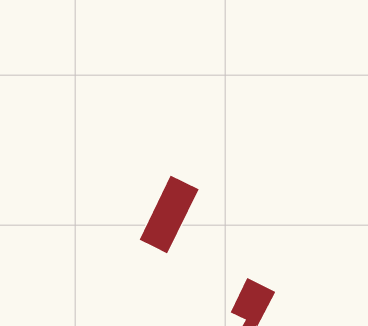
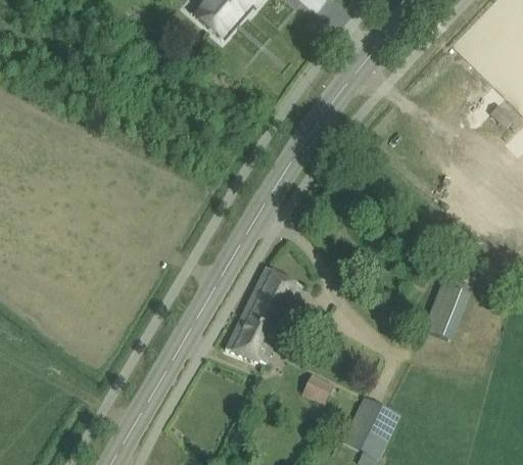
building: none -> [424,282,471,338]
building: none -> [301,373,333,403]

